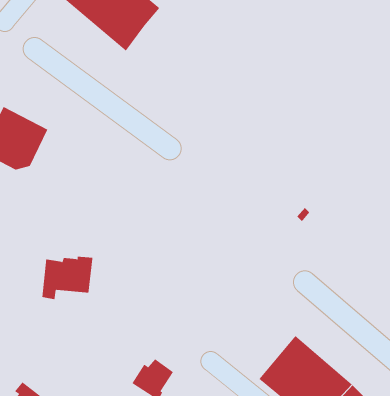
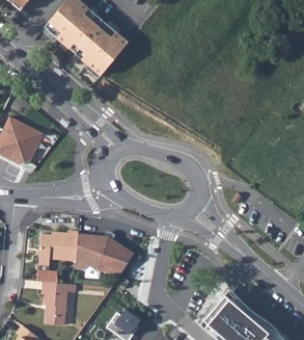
building: none -> [74,233,137,272]
building: none -> [40,280,77,324]

